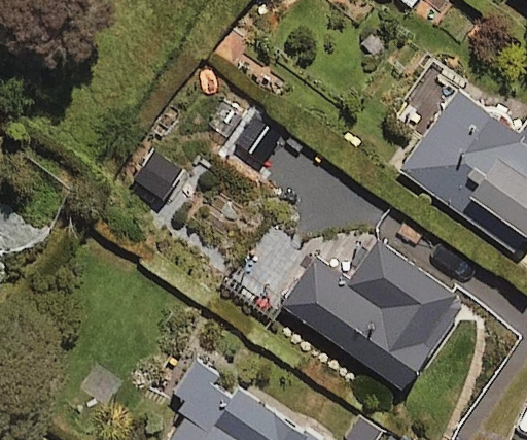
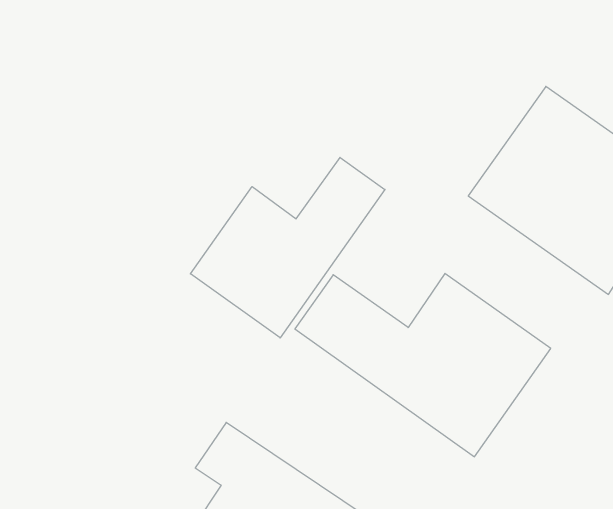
building: none -> [190,157,385,338]

